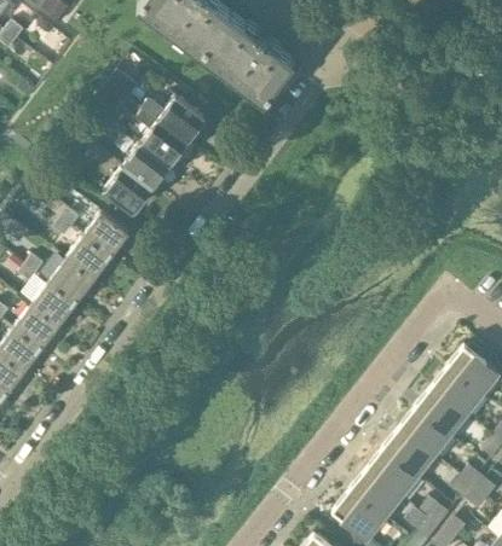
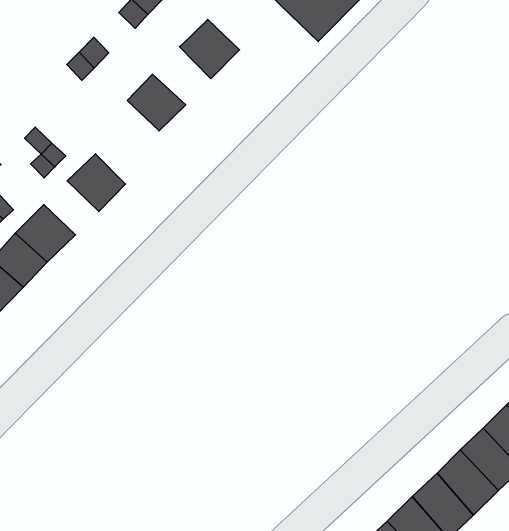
building: [138,111,184,167] -> none
building: [104,169,149,213] -> none
building: [67,238,110,279] -> none

